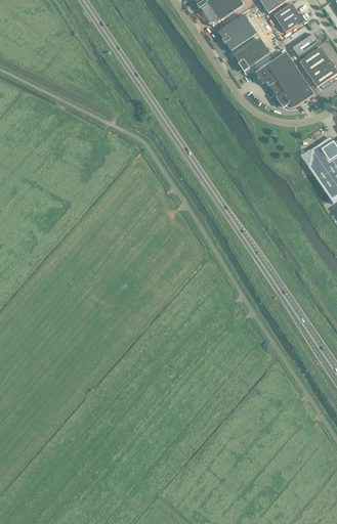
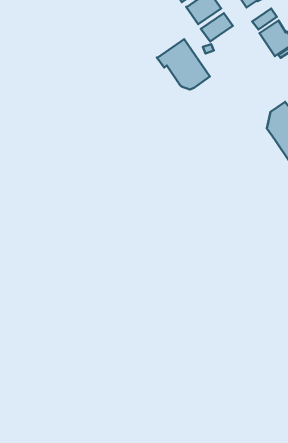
building: [254,50,313,106] -> [157,39,210,89]

